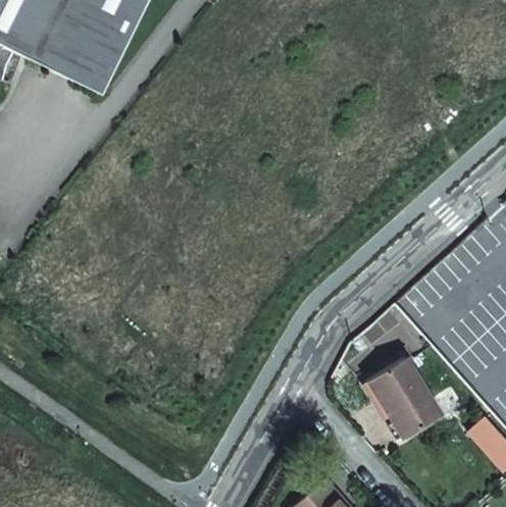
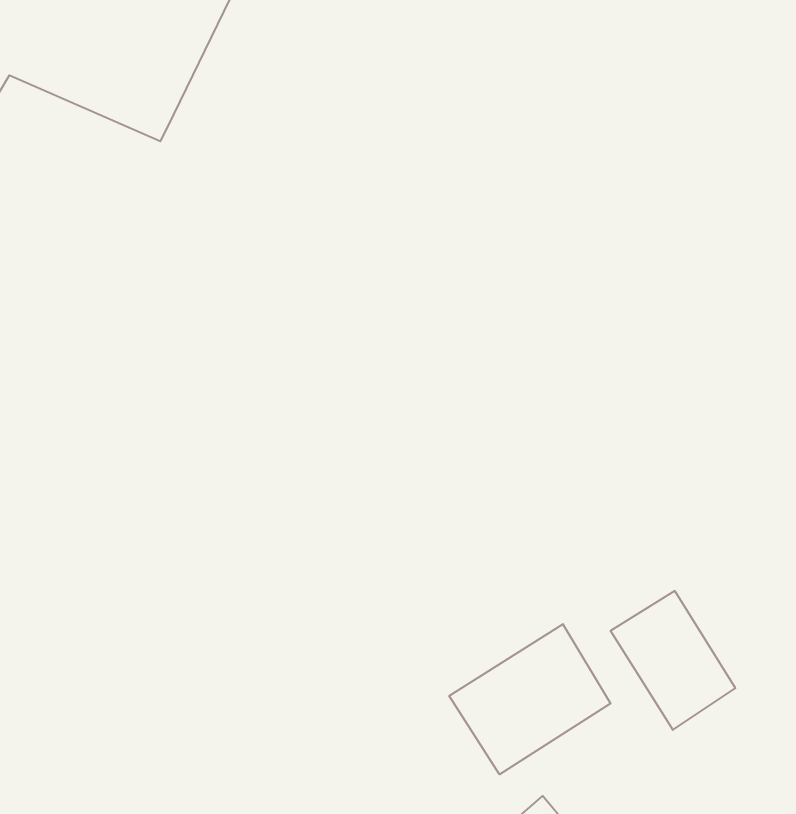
building: none -> [449,624,611,774]

